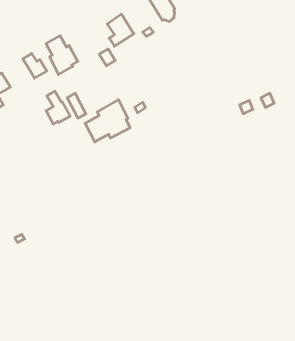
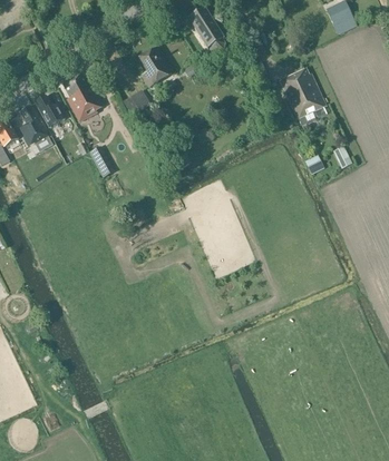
building: none -> [279,68,324,121]
building: [46,91,70,124] -> [19,104,49,145]
building: [85,100,130,142] -> none

